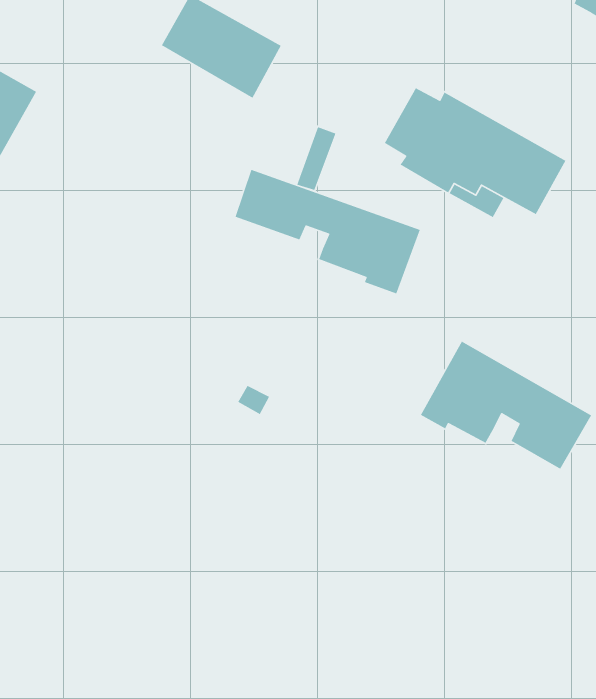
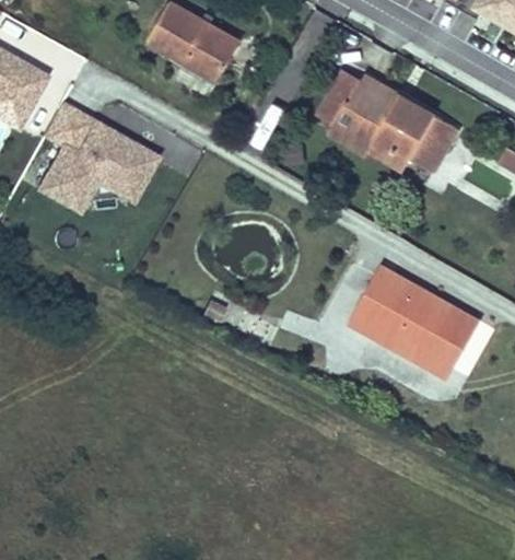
building: none -> [38,103,162,212]
building: [234,169,421,295] -> none
building: none -> [364,320,452,378]

